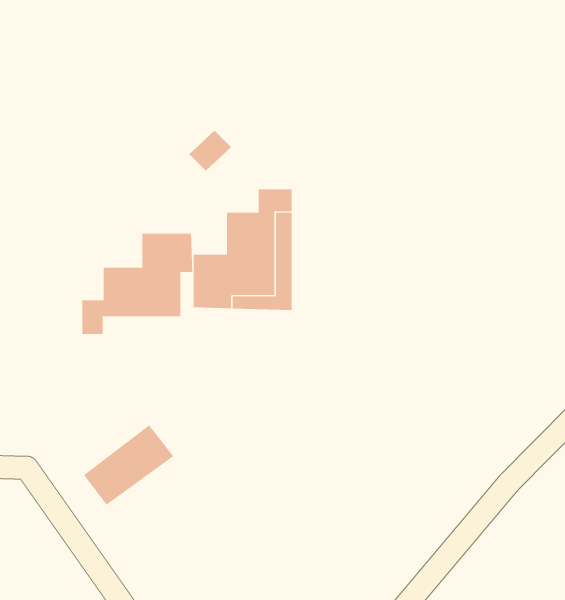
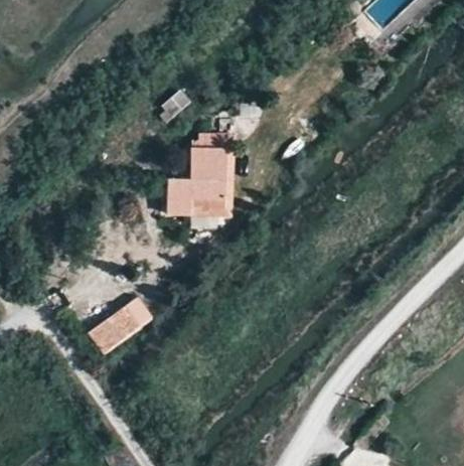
building: [82,233,193,335] -> none

